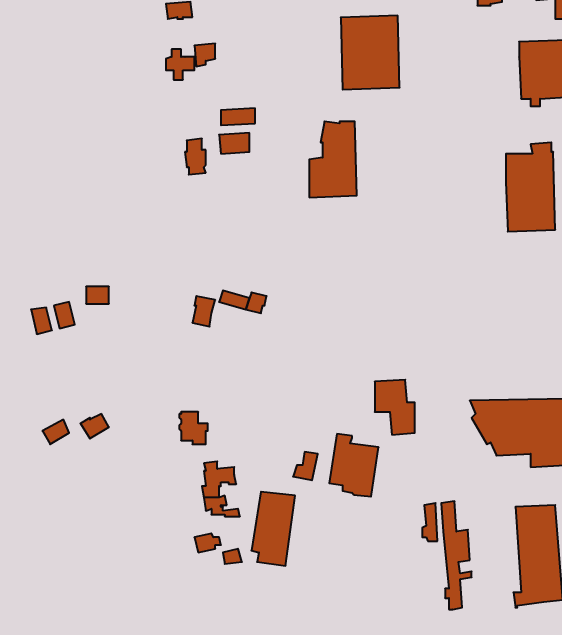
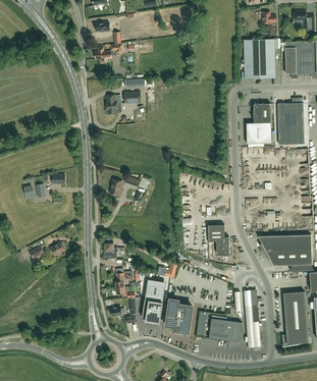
building: [341,16,400,90] -> [244,39,275,78]
building: [309,121,357,197] -> [247,103,272,144]
building: [329,434,379,497] -> [166,298,193,332]
building: none -> [209,318,243,342]

